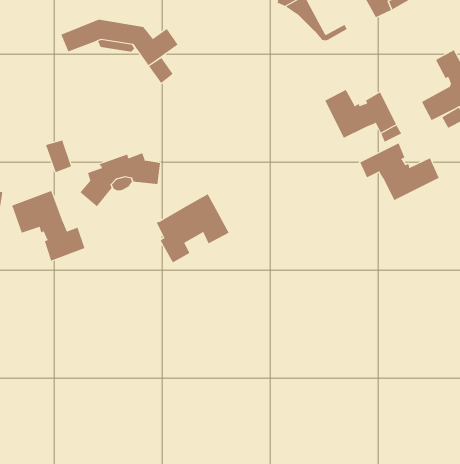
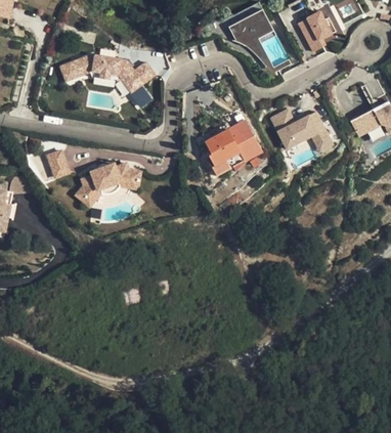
building: [360,143,440,201] -> none
building: [12,190,85,261] -> none
building: [156,193,230,263] -> [203,120,262,176]

